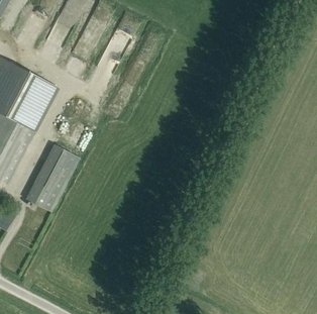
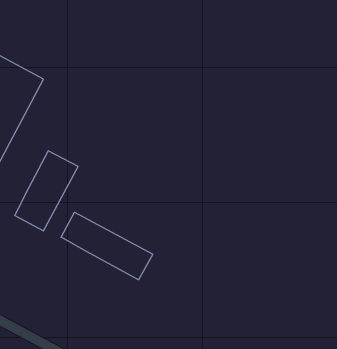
building: none -> [61,212,153,280]

